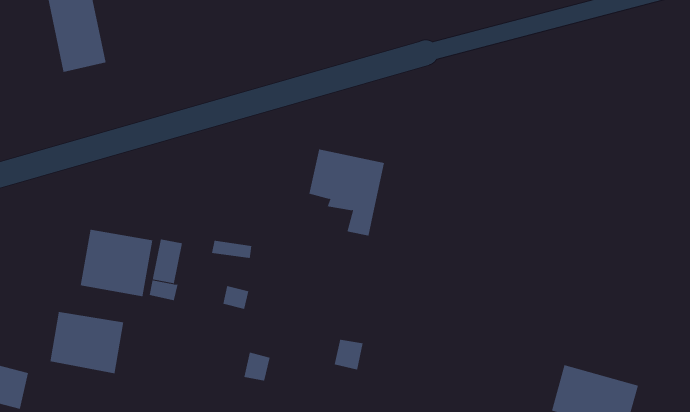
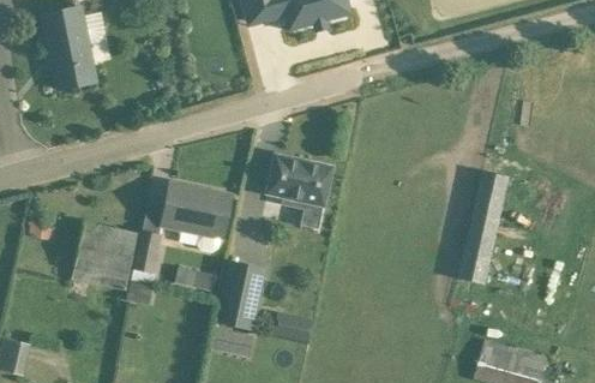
building: none -> [459,172,506,286]
building: none -> [161,184,230,235]
building: none -> [216,261,265,330]
building: [50,311,124,374] -> none

